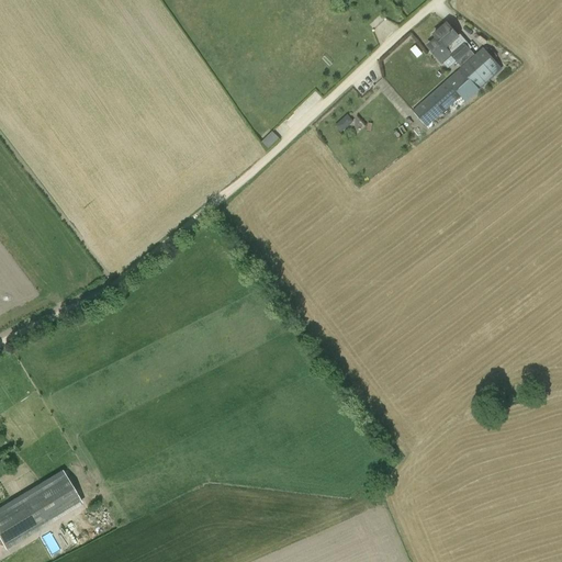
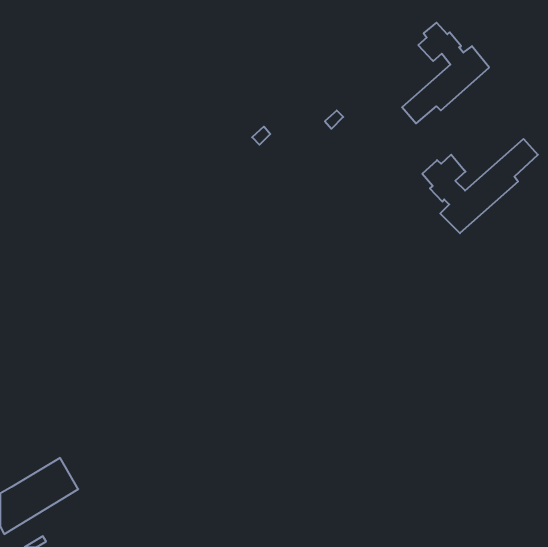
building: none -> [422,139,538,233]

